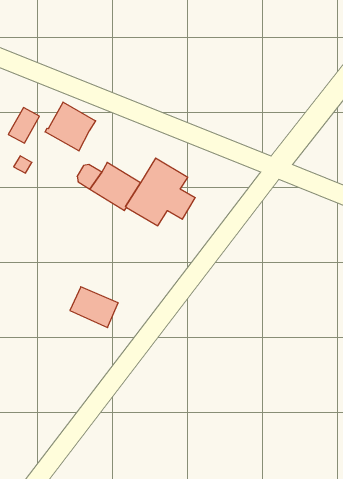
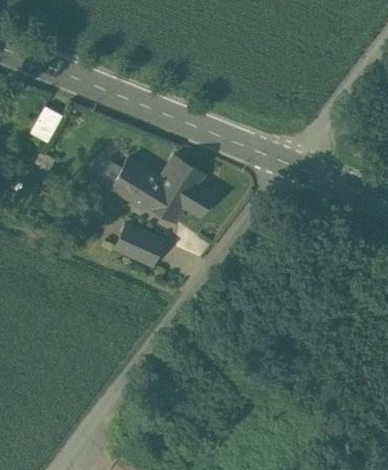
building: [45,102,96,151] -> none
building: [70,287,118,328] -> [116,225,163,265]

